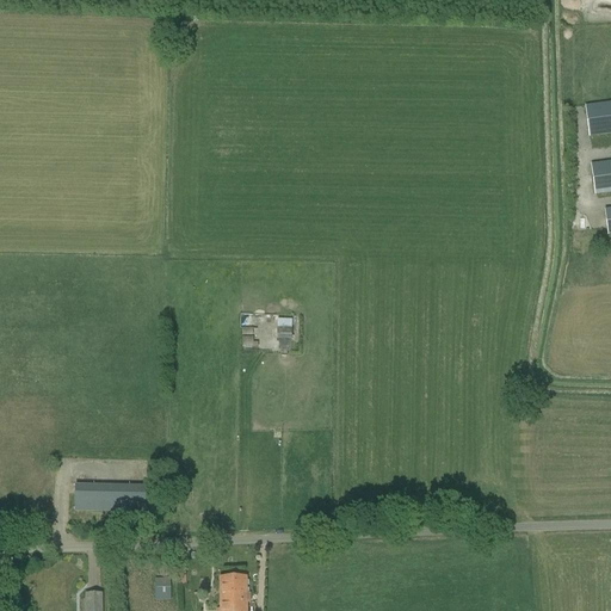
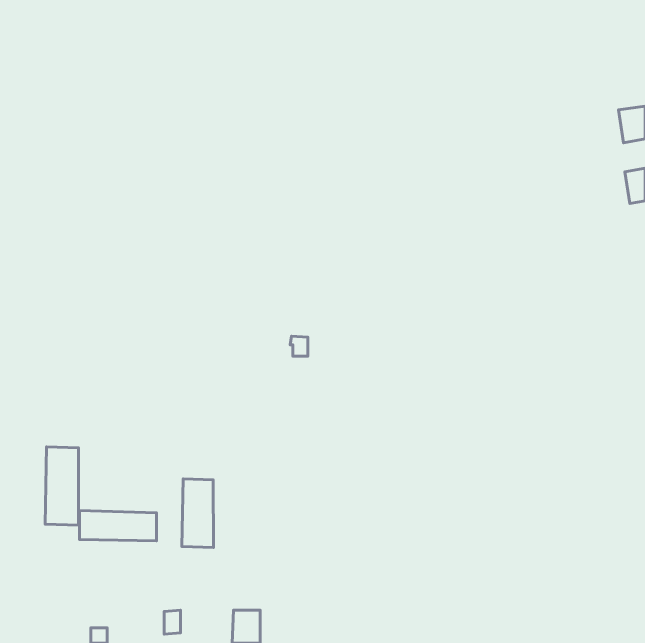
building: none -> [45,447,79,525]
building: none -> [182,479,213,548]

